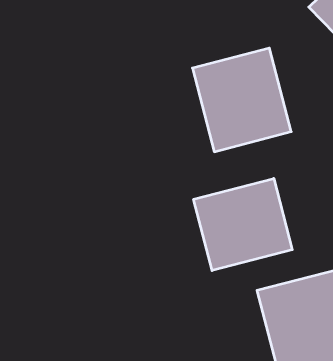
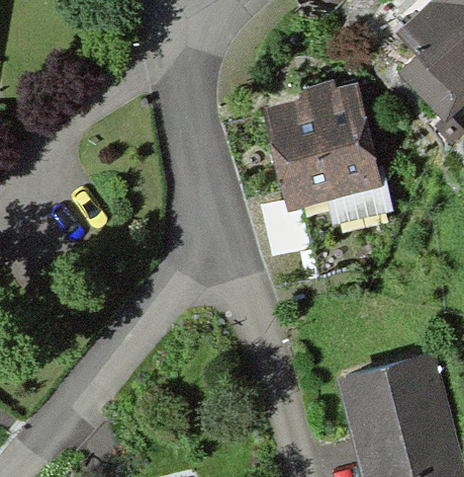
building: [194,178,292,271] -> none

